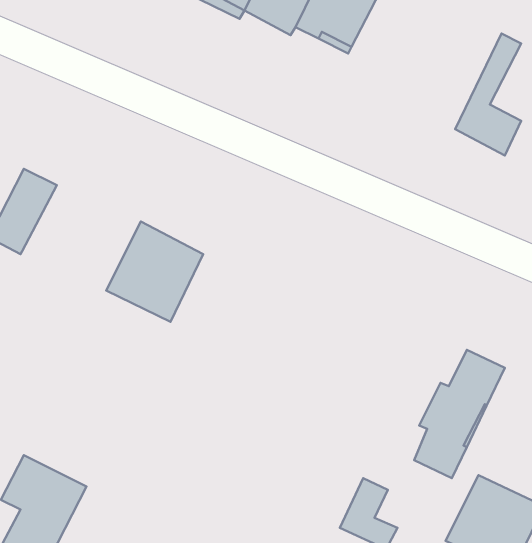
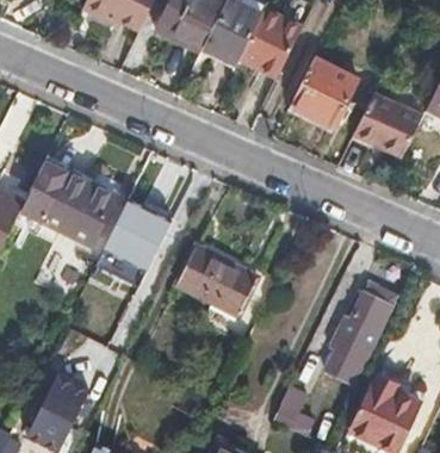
building: none -> [290,56,359,126]
building: none -> [42,172,114,242]
building: none -> [175,246,277,323]

